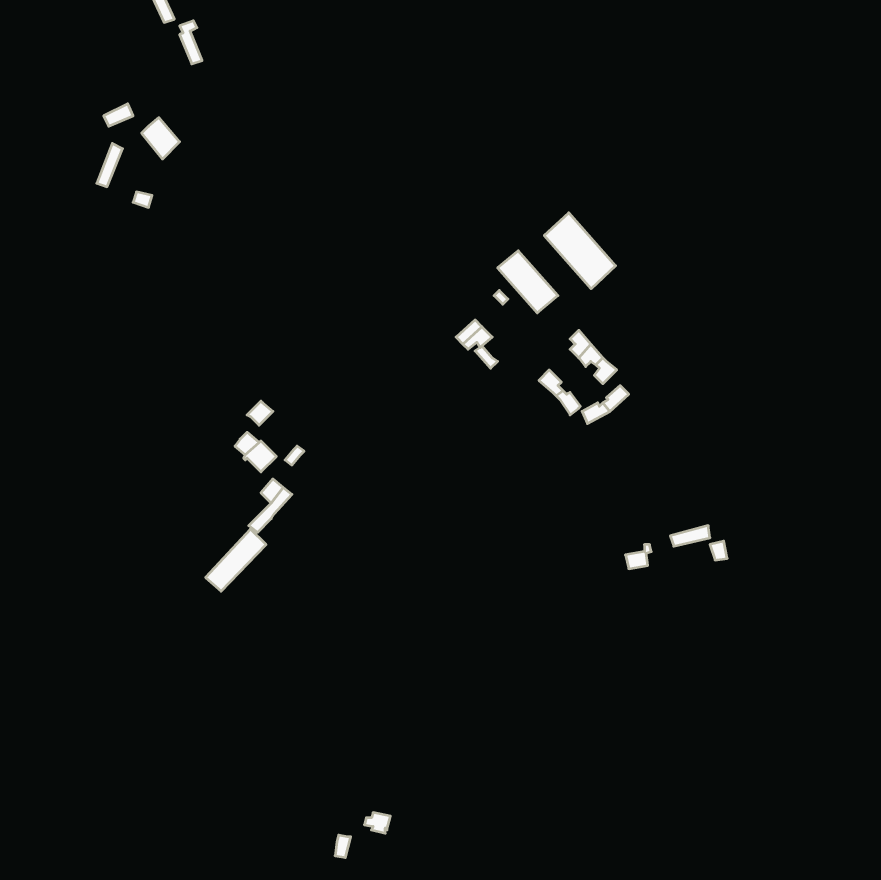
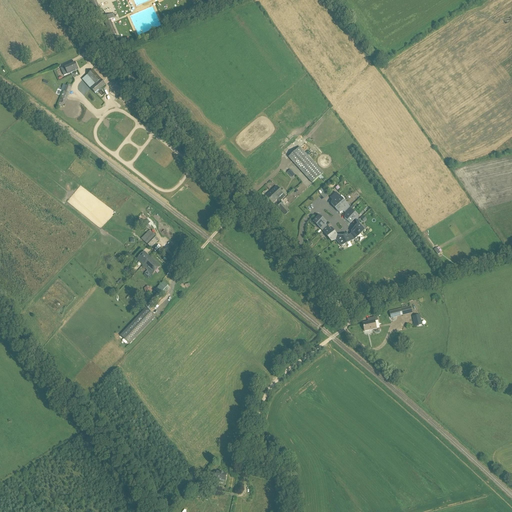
building: [544,213,616,289] -> none

